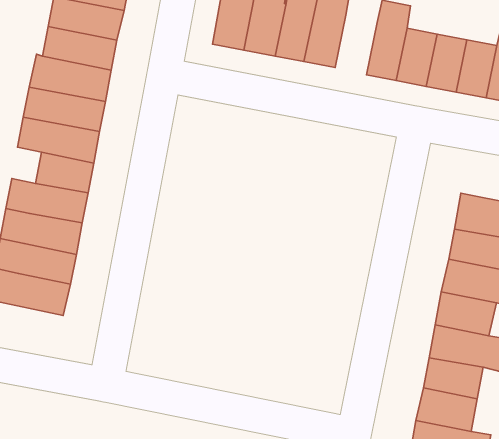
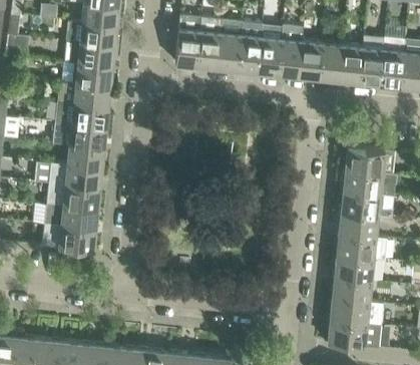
building: none -> [258,36,283,74]

